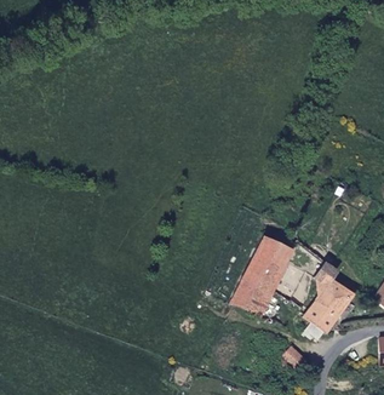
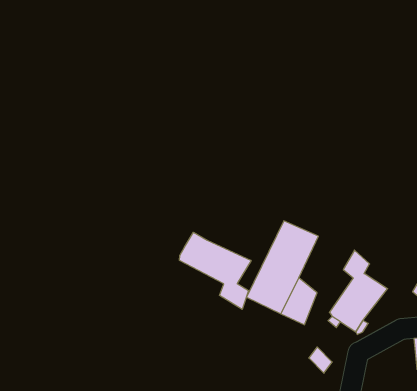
building: none -> [180,232,251,309]

